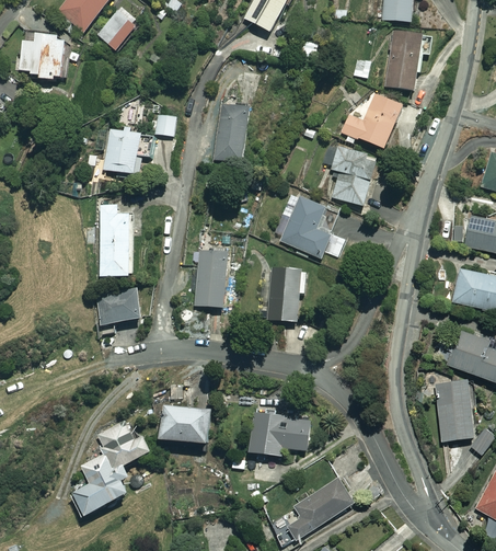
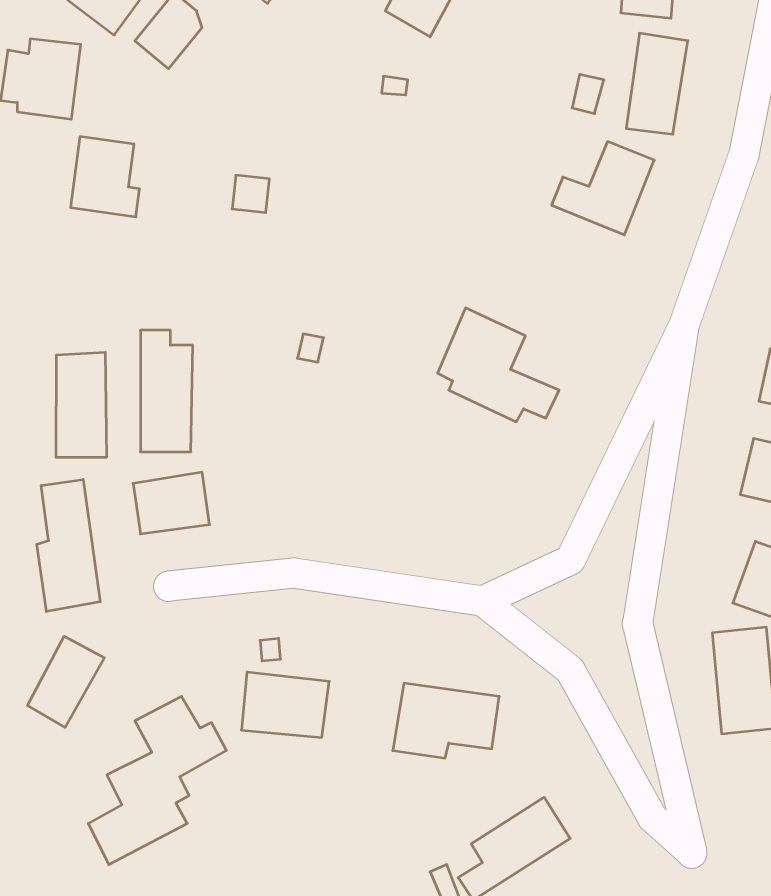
building: [214,107,249,163] -> none
building: [104,128,145,175] -> [71,137,140,217]
building: [322,142,380,207] -> none
building: none -> [56,352,106,457]
building: [194,248,229,308] -> none
building: [261,267,307,322] -> none
building: none -> [37,479,100,612]
building: none -> [28,636,104,727]

